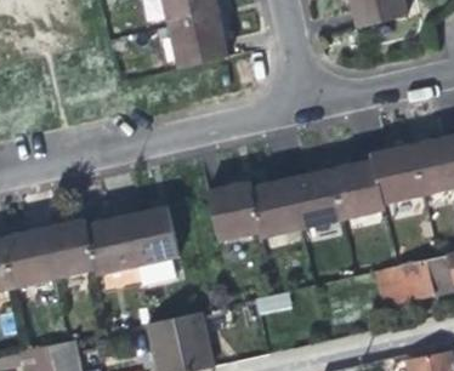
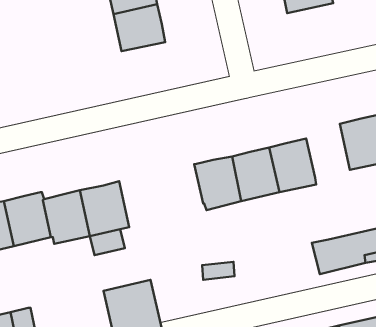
building: [371,144,420,202] -> none
building: [210,179,261,239] -> none

